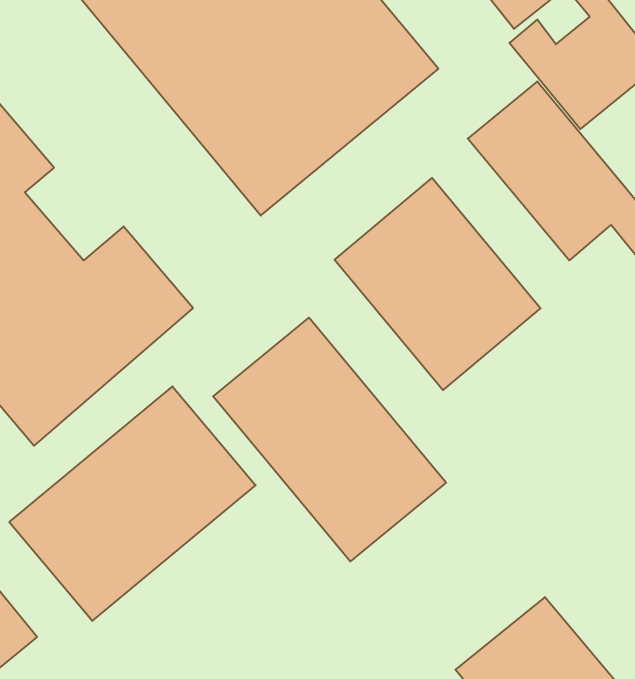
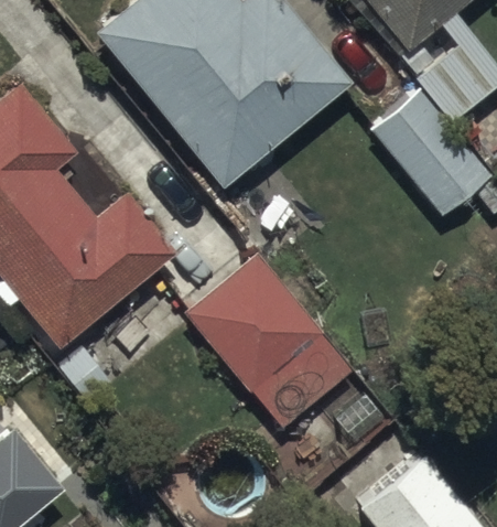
building: [335,178,541,390] -> none
building: [9,386,256,621] -> none

